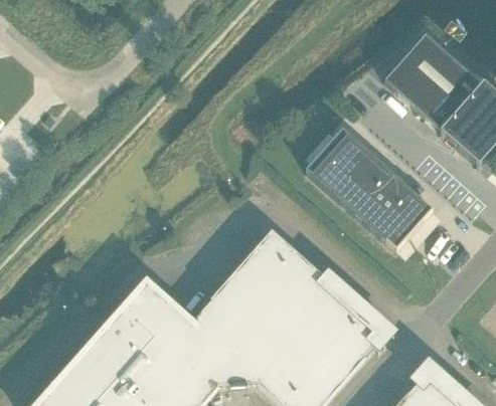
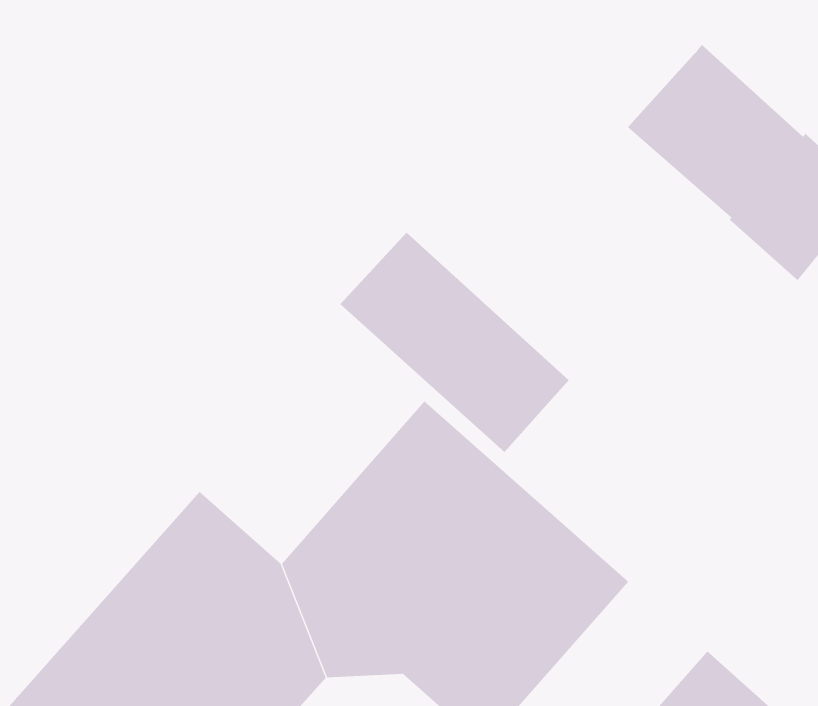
building: [304,128,432,250] -> [339,232,570,453]

